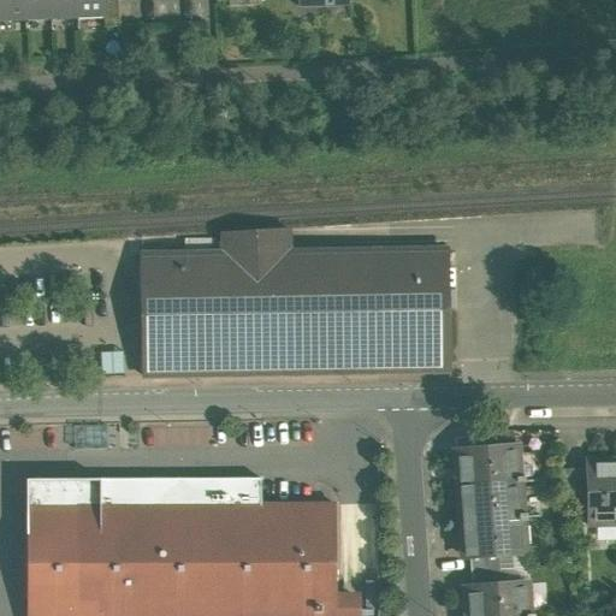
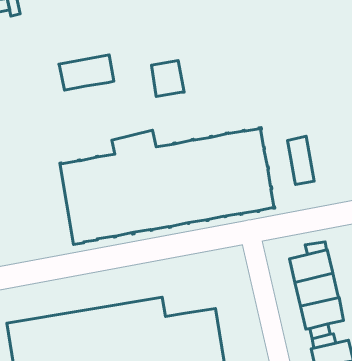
building: none -> [59,55,114,90]
building: none -> [151,60,184,97]
building: none -> [288,136,314,184]

